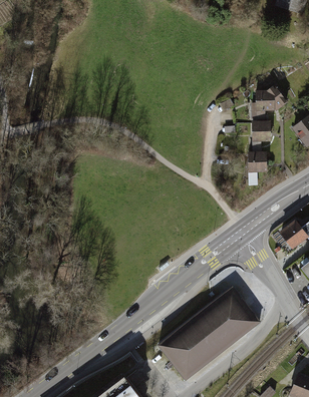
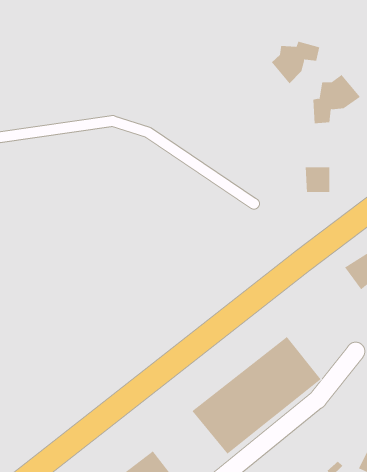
building: none -> [271,41,320,84]
building: [252,120,273,140] -> none

